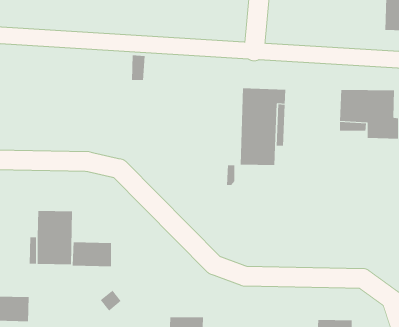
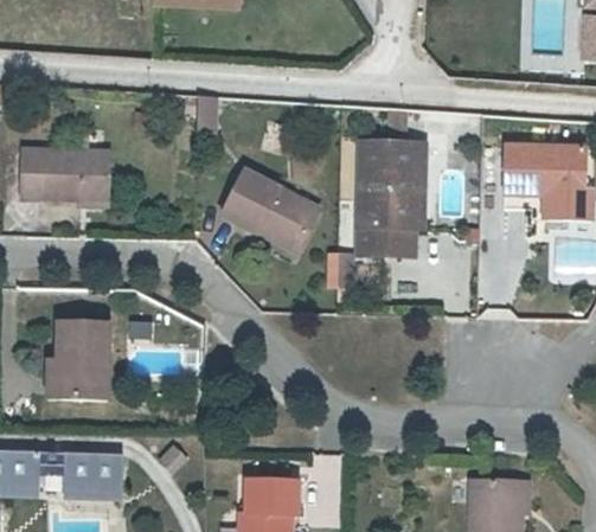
building: none -> [21,147,113,196]
building: none -> [219,169,315,246]
building: [72,242,112,267] -> [70,451,129,488]

